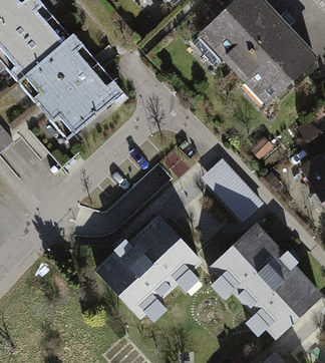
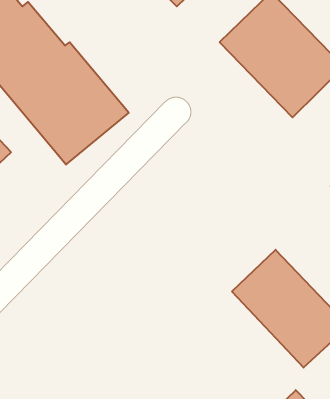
building: [203,160,260,220] -> none
building: [96,216,197,315] -> none

